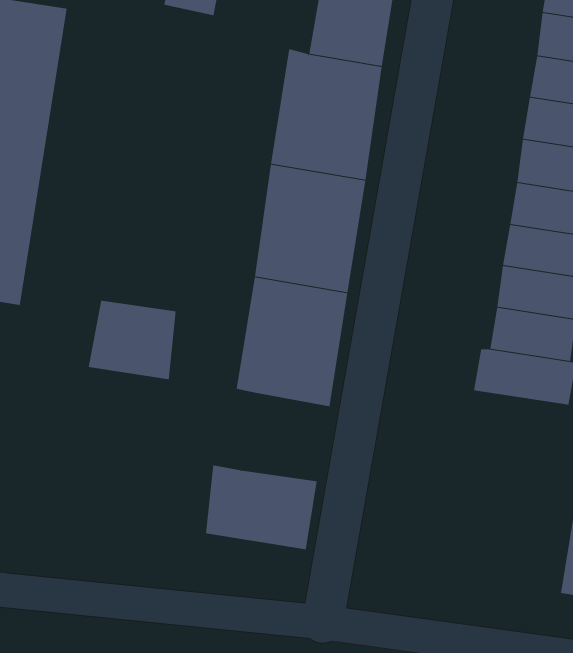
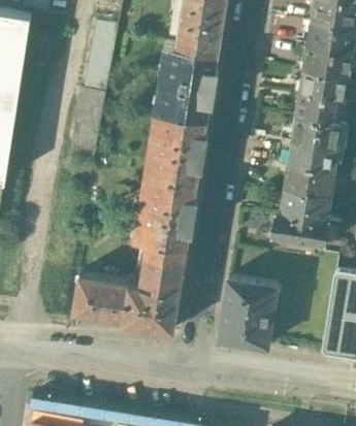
building: [88,300,177,380] -> [71,272,122,318]
building: none -> [138,237,189,288]
building: none -> [219,274,280,345]

